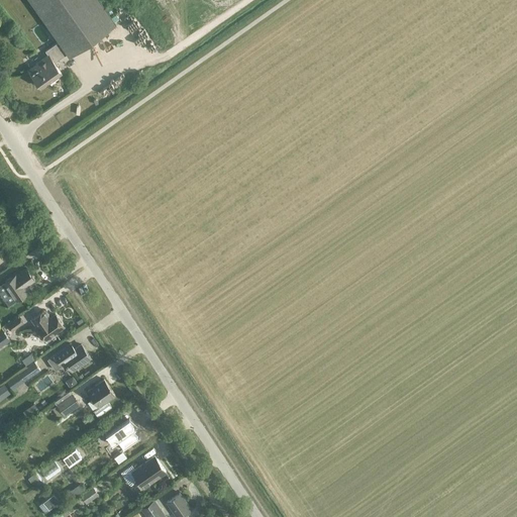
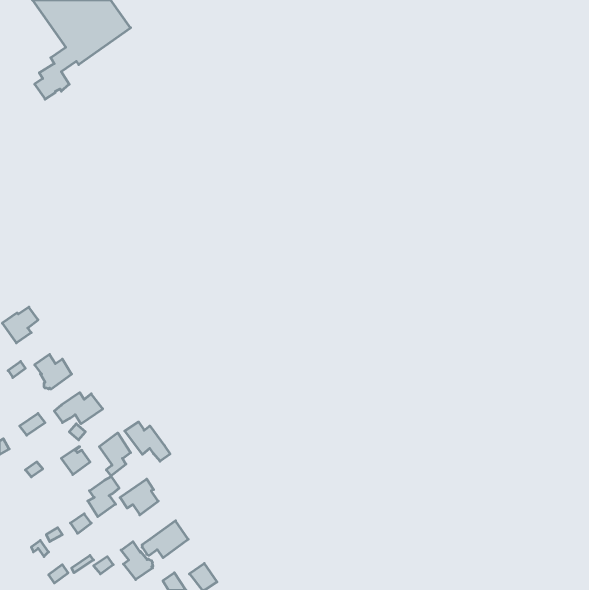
building: none -> [125,422,170,461]
building: none -> [88,477,119,517]
building: none -> [121,542,153,580]

